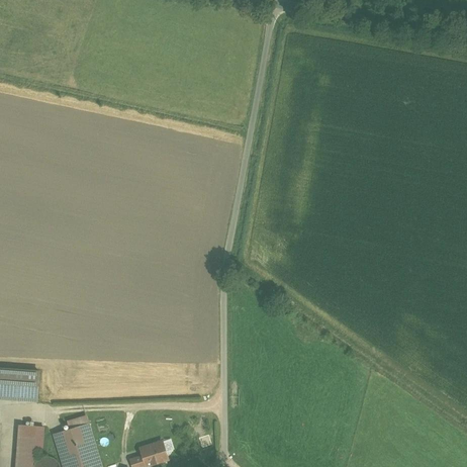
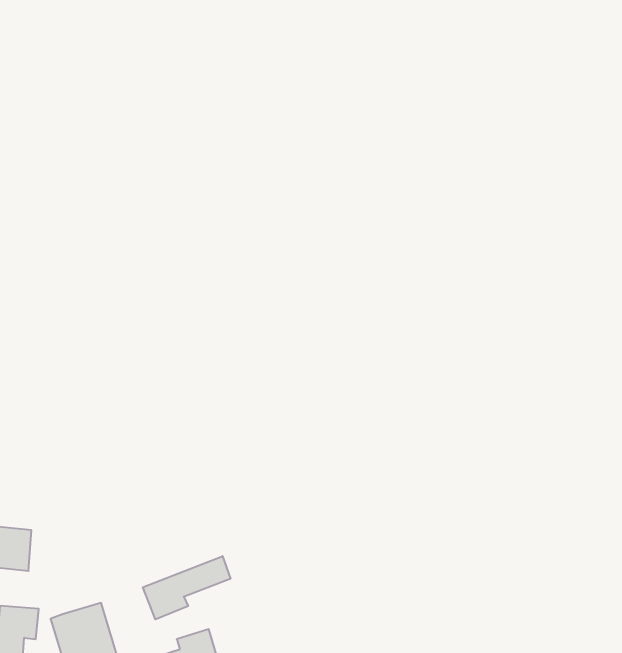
building: none -> [143,556,231,619]

